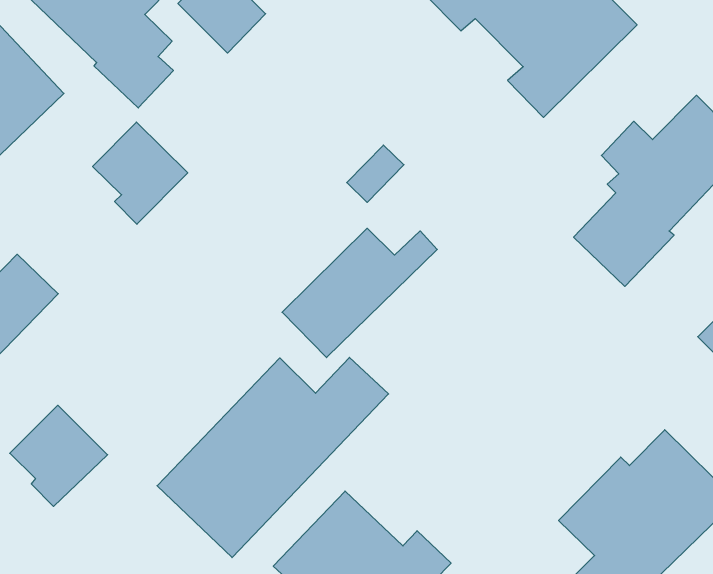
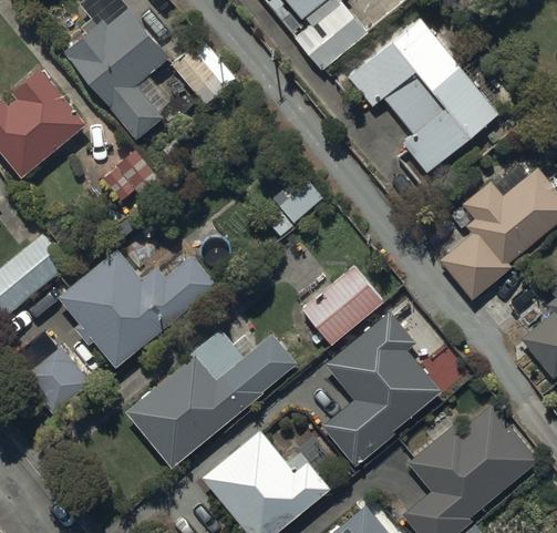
building: [282,228,437,358] -> [287,268,402,358]
building: none -> [56,247,216,368]
building: none -> [322,314,440,468]

